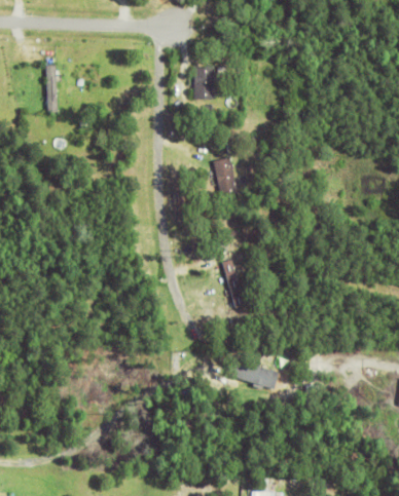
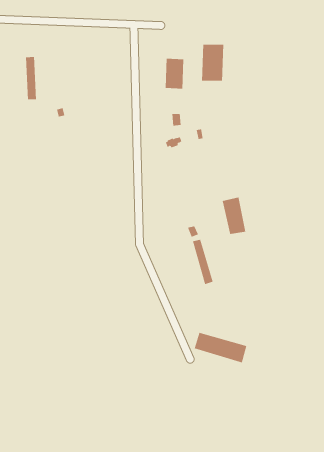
building: none -> [202,44,224,82]
building: [212,157,238,197] -> [222,197,246,235]

